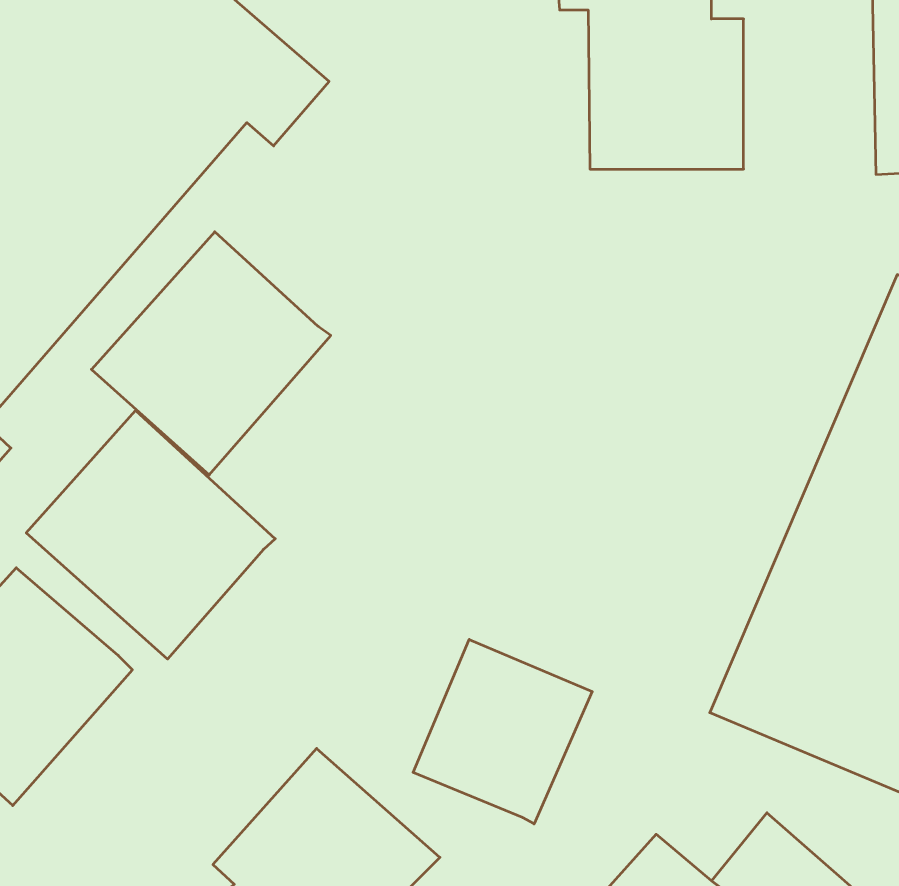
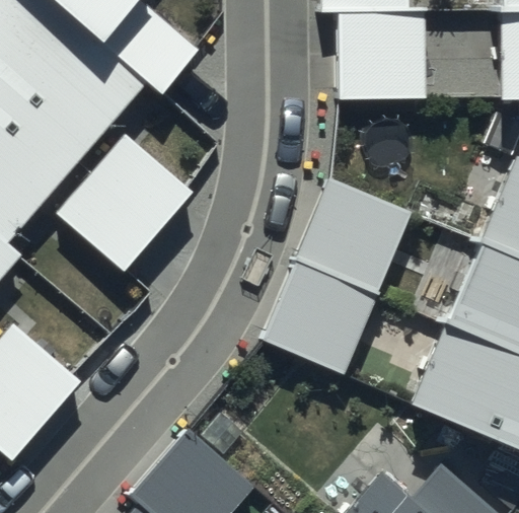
building: none -> [258,177,413,374]
building: [26,411,275,659] -> none
building: [413,639,592,824] -> none

